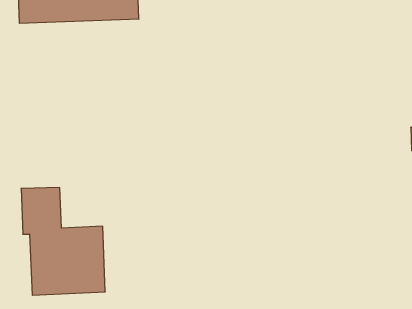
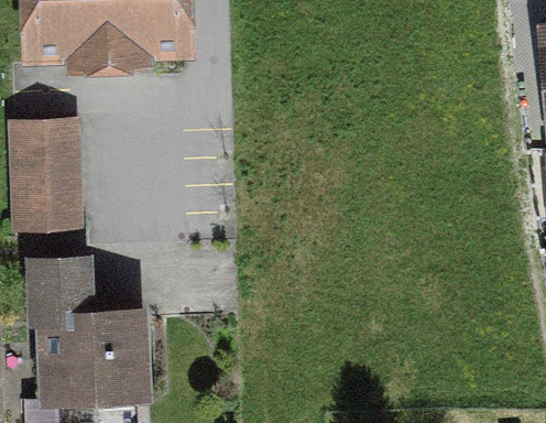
building: none -> [12,120,77,228]

